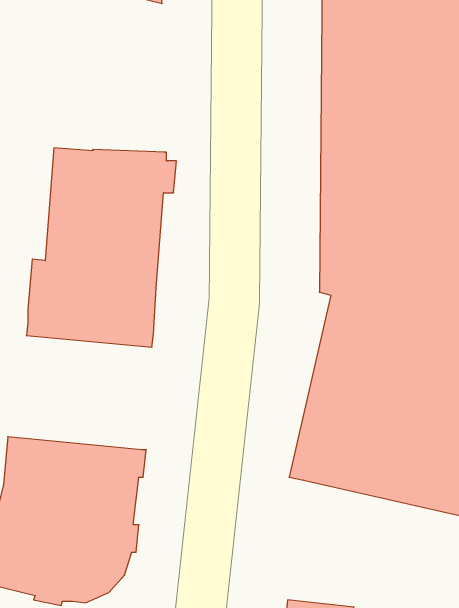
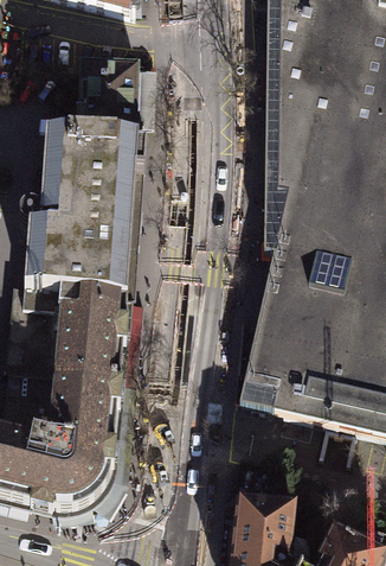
building: none -> [79,62,144,133]
building: none -> [9,282,129,377]

